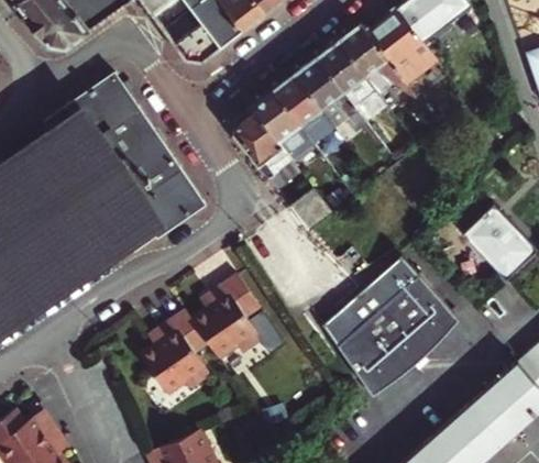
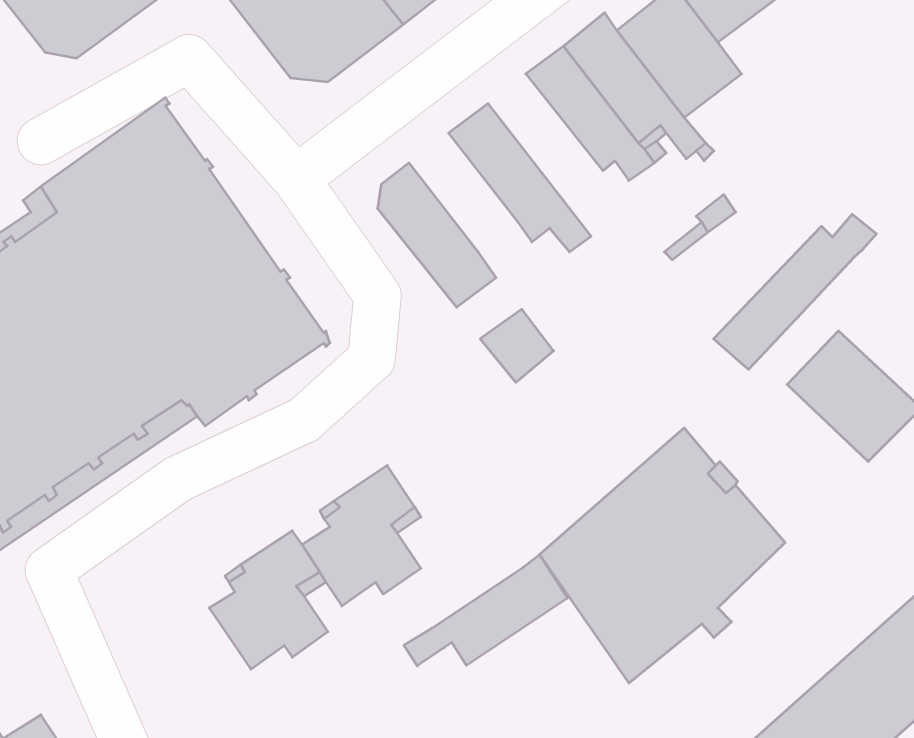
building: [296,57,367,131] -> none
building: [252,90,312,156] -> none
building: none -> [714,214,876,369]
building: none -> [404,554,567,666]

